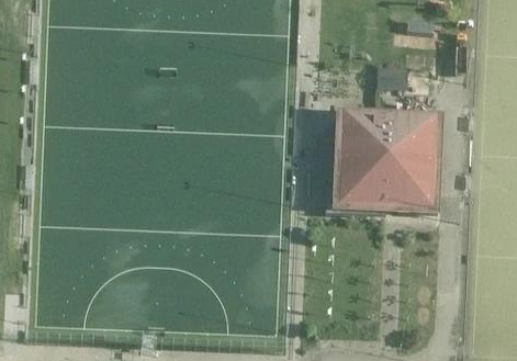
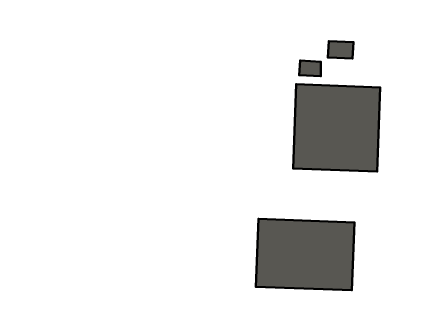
building: none -> [256,219,354,290]

